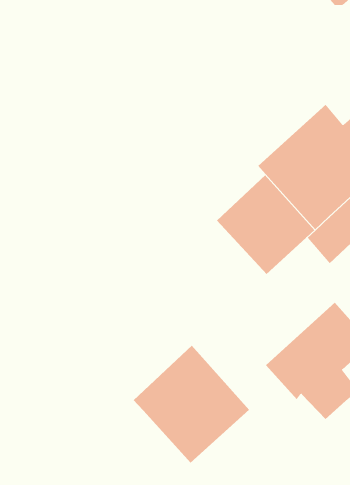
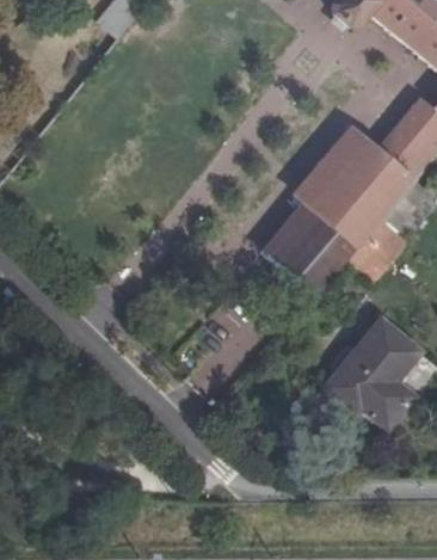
building: [133,345,250,463] -> none

